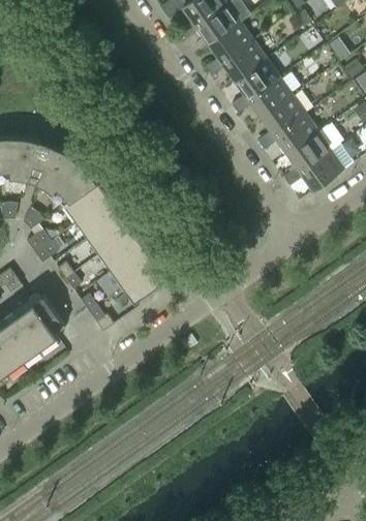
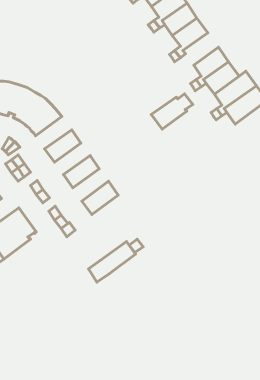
building: [248,72,300,117] -> [151,94,193,129]
building: [64,181,110,221] -> none
building: [88,214,132,253] -> none
building: [96,246,155,297] -> [88,242,136,282]

